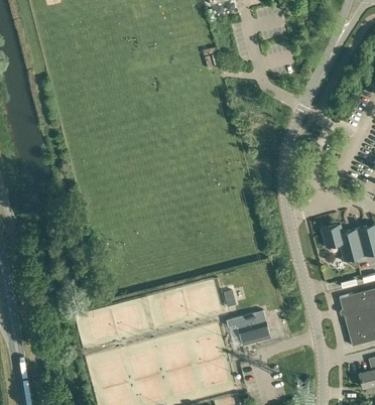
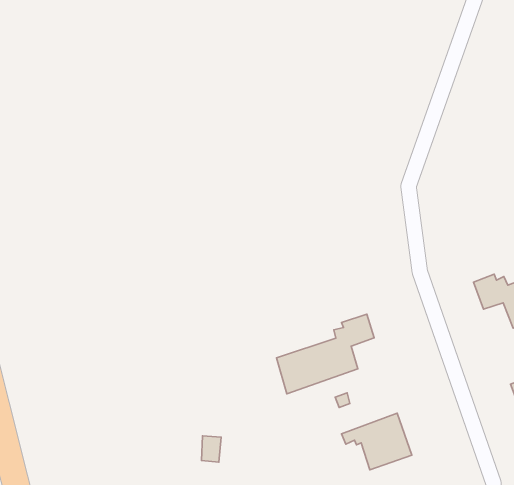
building: none -> [277,314,374,394]

